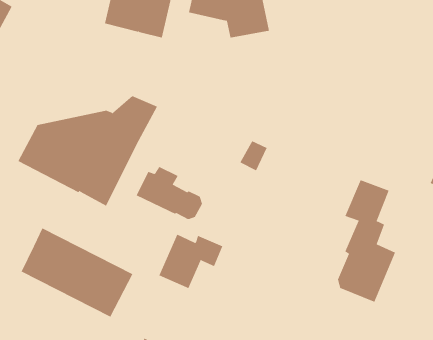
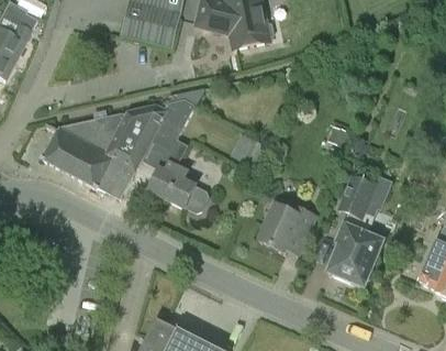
building: none -> [153,99,194,150]
building: [21,227,133,317] -> none
building: [158,234,223,289] -> [258,202,316,252]

